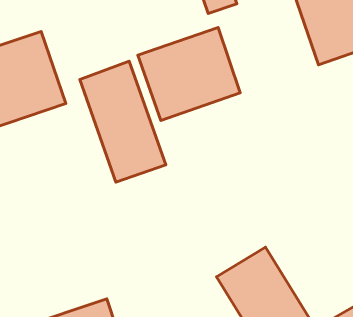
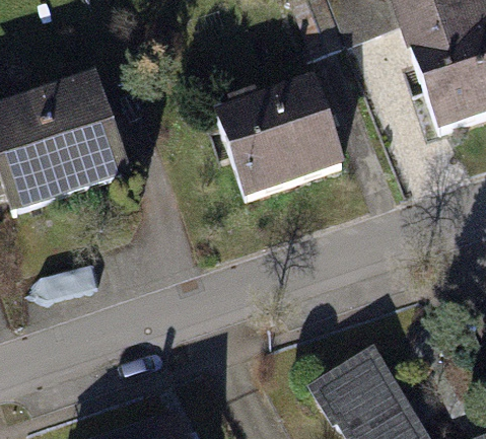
building: [80,61,166,182] -> none

